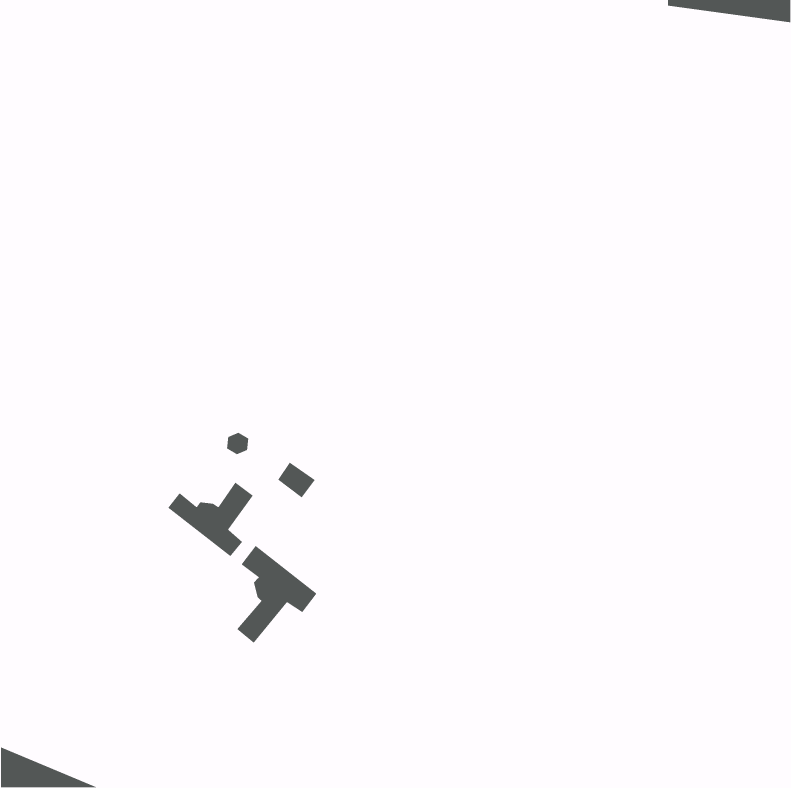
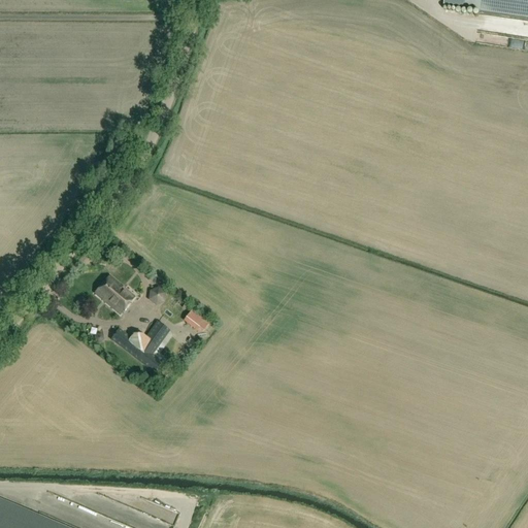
building: none -> [95,274,135,314]
building: [236,545,318,644] -> none

